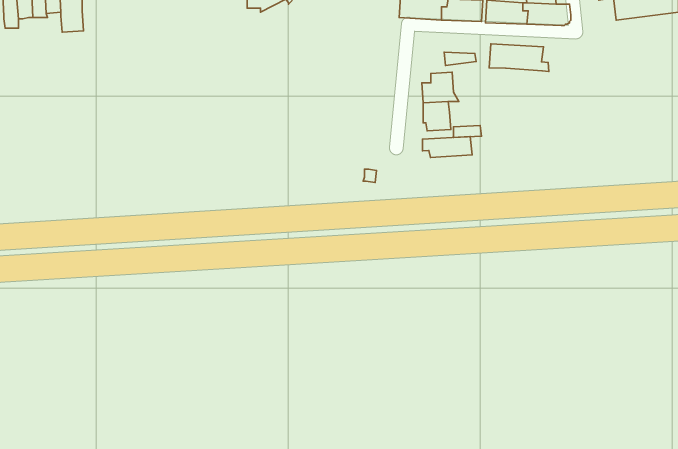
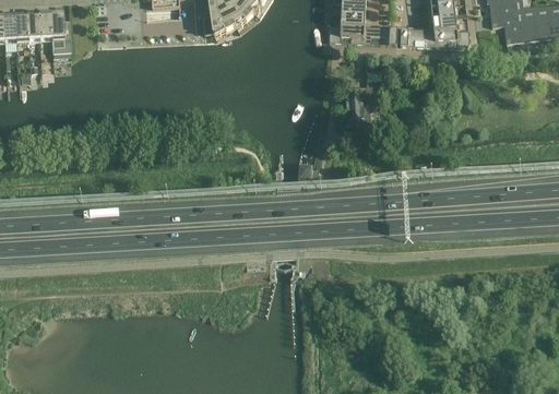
building: [489,44,549,72] -> none
building: [422,137,472,157] -> none

